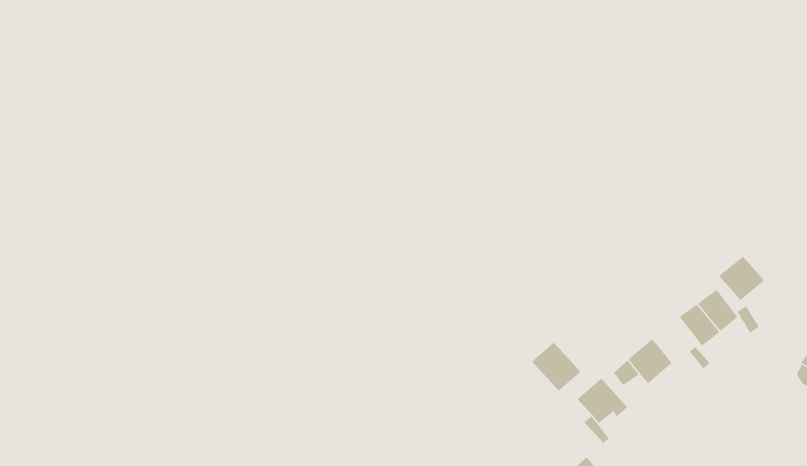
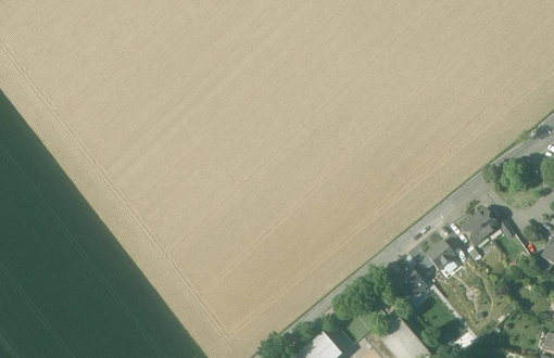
building: [718,256,765,301] -> none
building: [531,342,581,391] -> none

